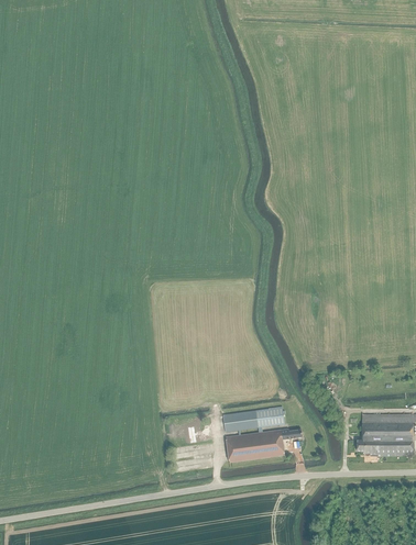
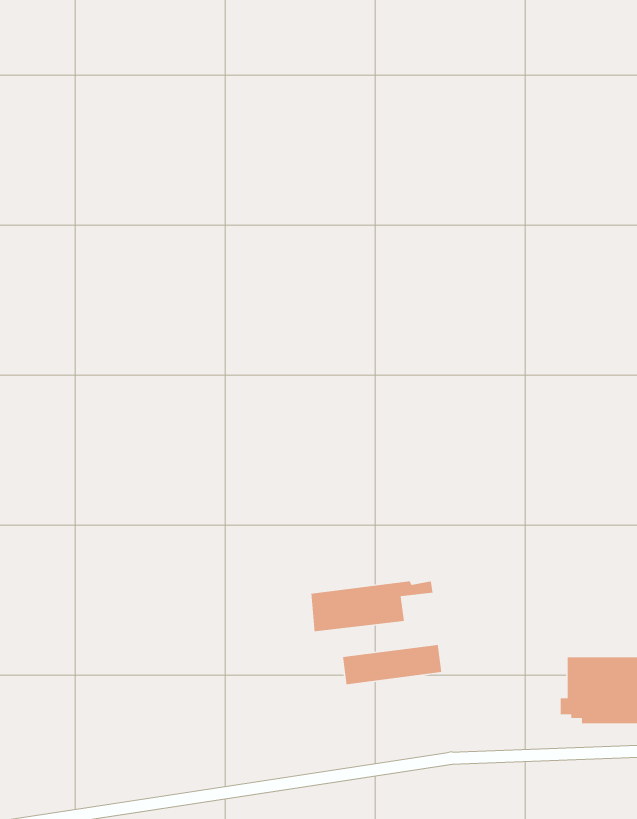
building: [226,429,302,460] -> [310,581,433,632]

